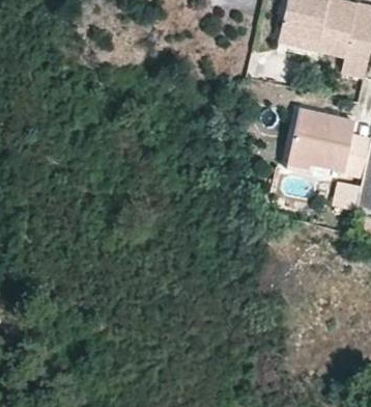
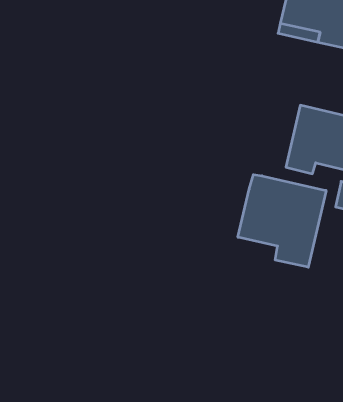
building: none -> [238,175,326,267]

